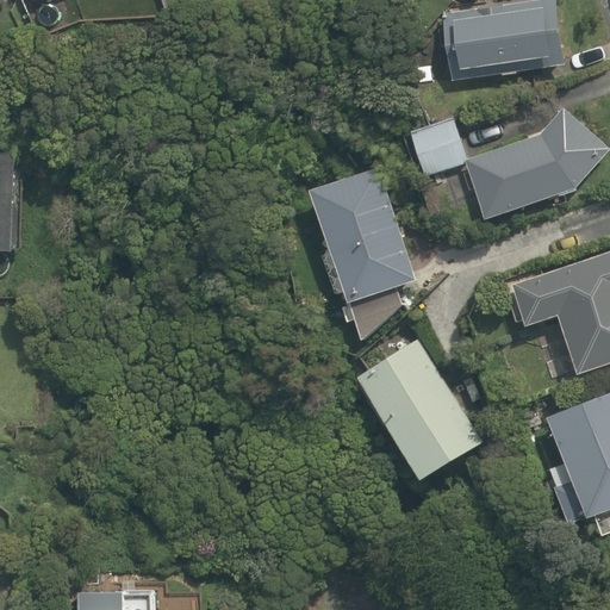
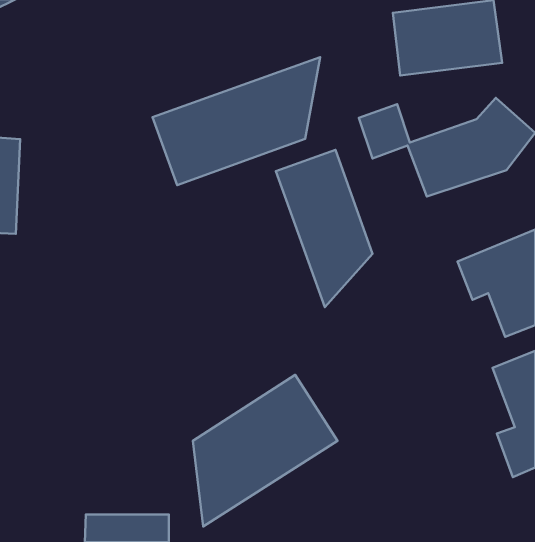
building: none -> [153,57,320,185]
building: [360,338,490,490] -> none
building: none -> [193,375,337,527]

